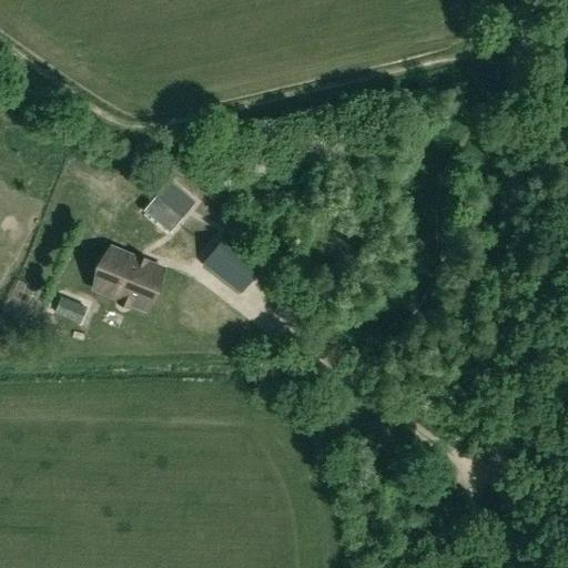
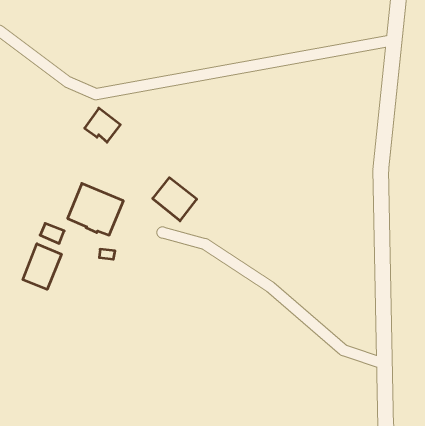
building: [148,179,195,224] -> [85,108,120,142]
building: none -> [23,244,61,289]

